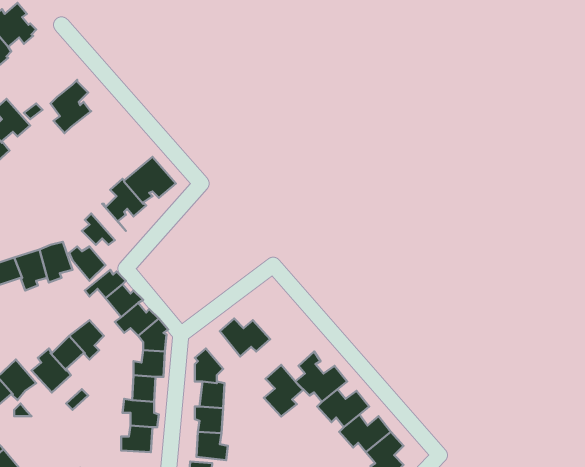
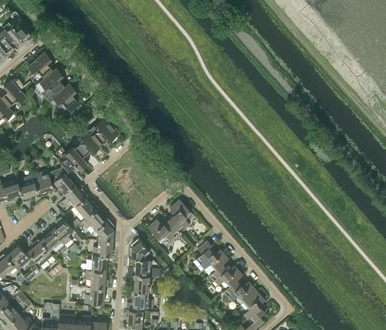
building: none -> [28,51,54,78]
building: none -> [53,82,83,115]
building: [264,365,303,417] -> [169,199,194,232]

